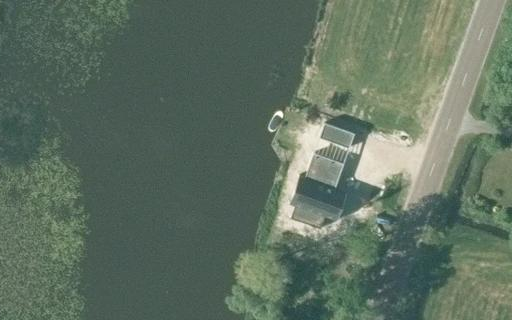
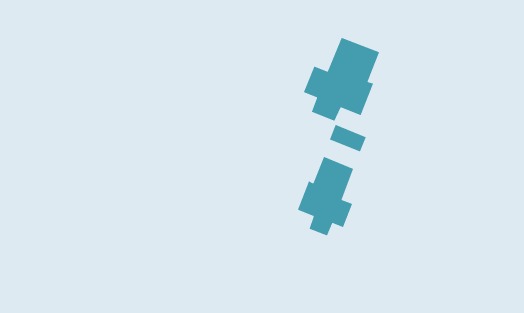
building: none -> [303,37,380,122]

